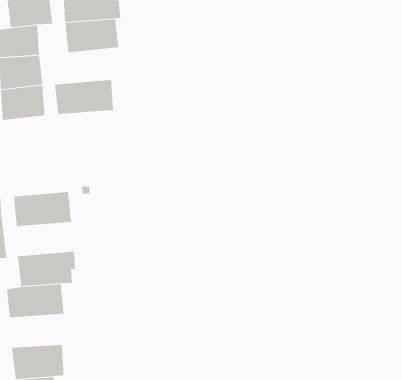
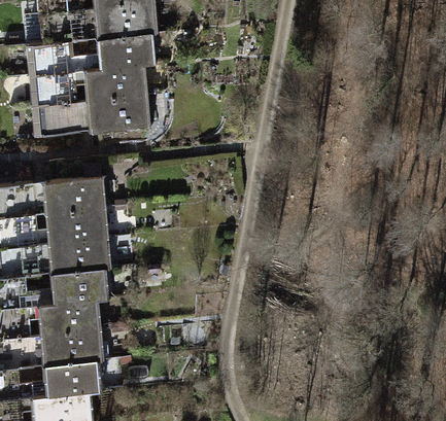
building: none -> [87,65,146,101]
building: none -> [45,169,103,213]
building: none -> [50,239,109,273]
building: none -> [43,330,107,364]

